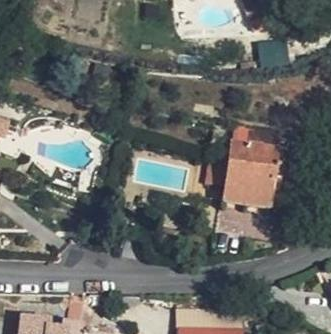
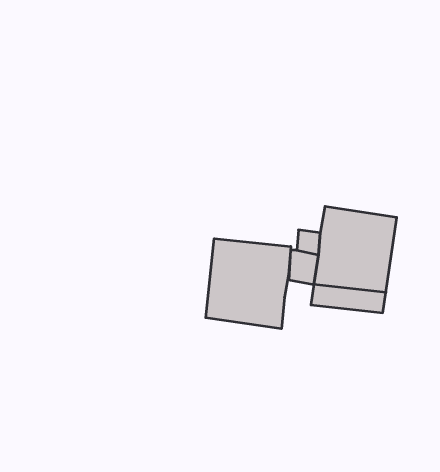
building: none -> [206,239,291,329]

